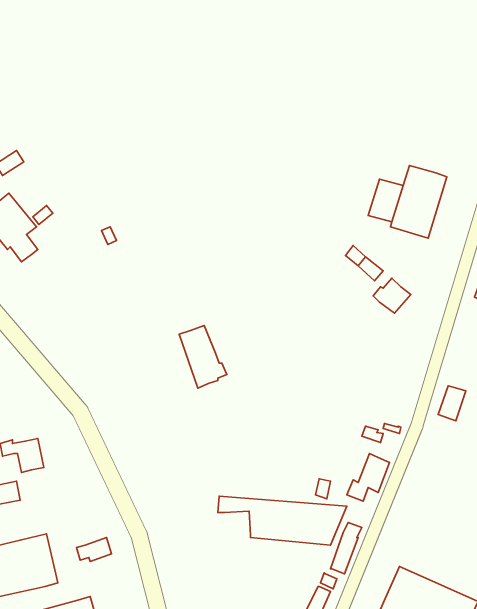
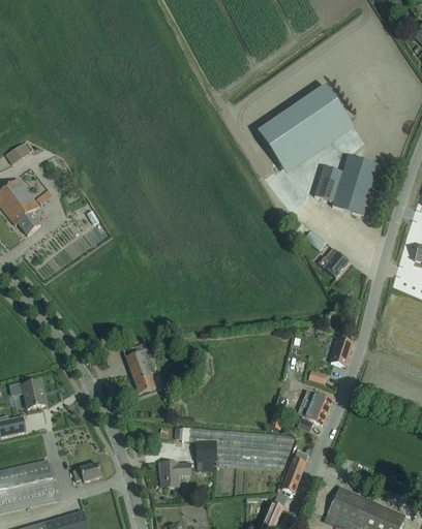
building: none -> [254,79,354,170]
building: [179,326,227,388] -> [123,343,162,395]
building: [438,386,466,421] -> [330,339,353,368]
building: none -> [194,441,216,471]
building: none -> [160,463,190,488]

